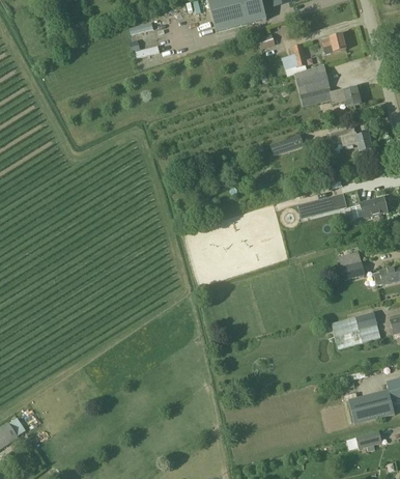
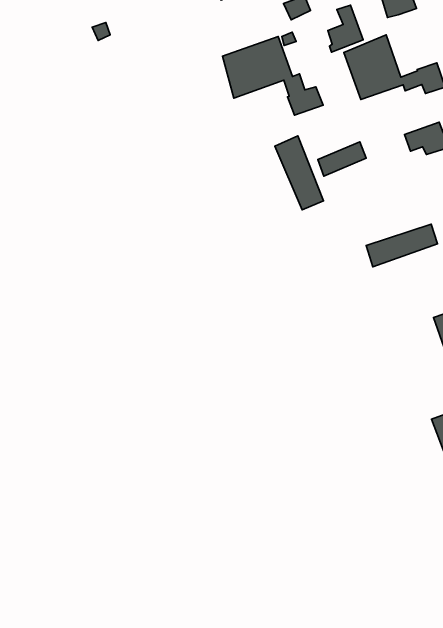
building: none -> [223,37,323,115]
building: none -> [275,136,323,210]

